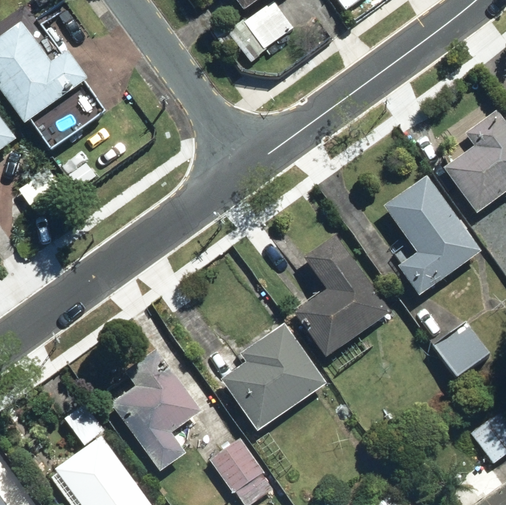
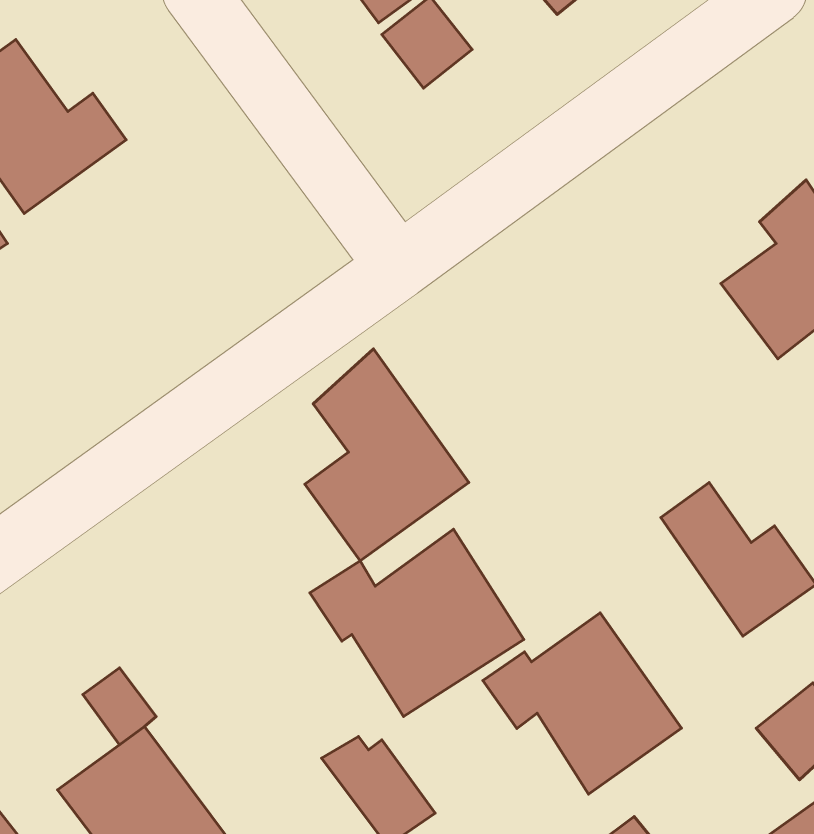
building: [381,177,482,296] -> none
building: [294,231,392,358] -> [305,349,469,561]
building: [110,344,202,471] -> none
building: none -> [483,613,682,794]

